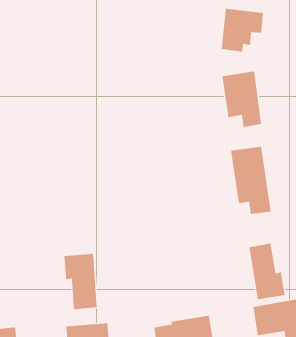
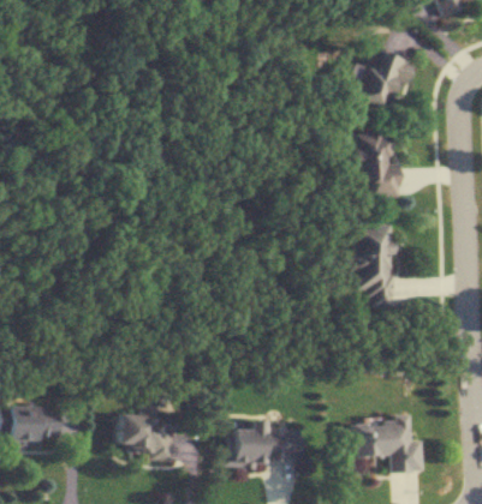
building: [248,242,285,300] -> none
building: [64,253,97,310] -> none

